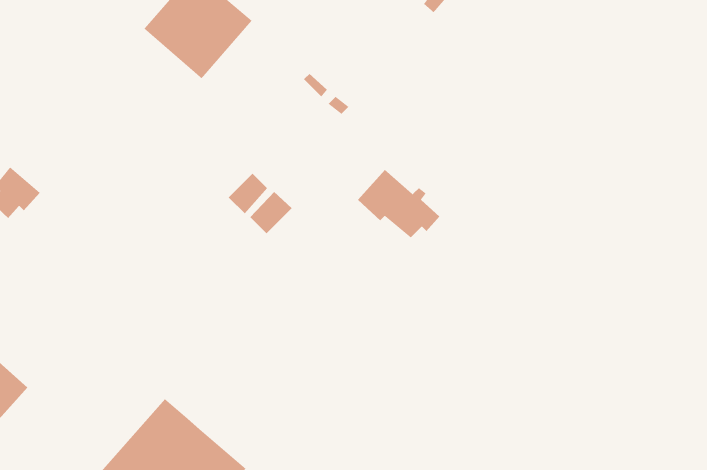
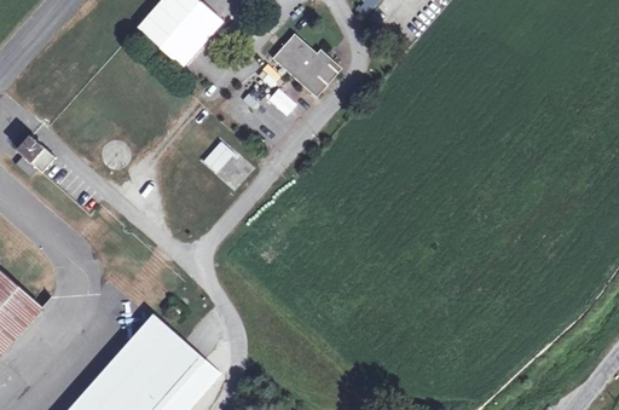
building: [357,169,440,238] -> [272,33,337,87]

